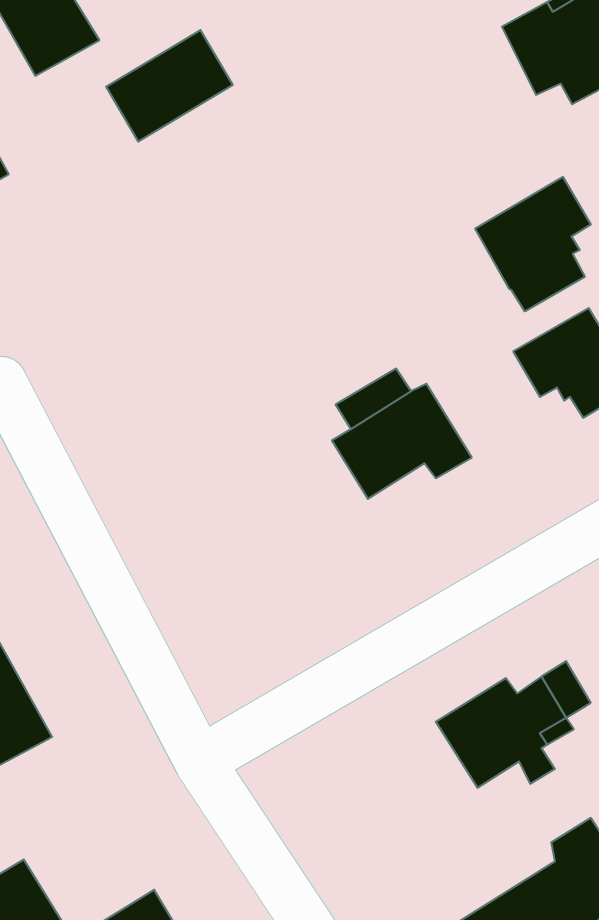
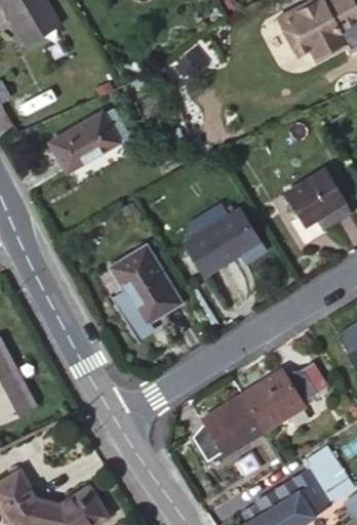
building: [106,30,233,142] -> [48,112,117,172]
building: [475,177,591,311] -> none
building: none -> [111,246,180,323]
building: none -> [194,395,265,458]

